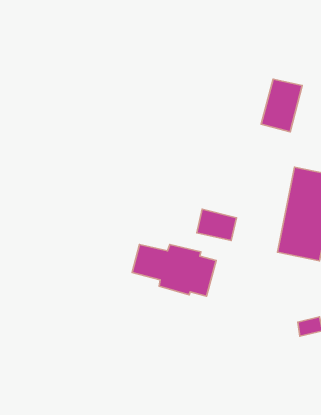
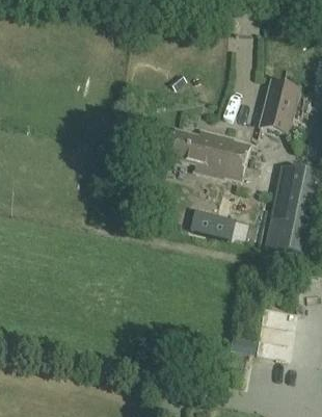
building: [132,244,216,296] -> [166,129,247,179]

